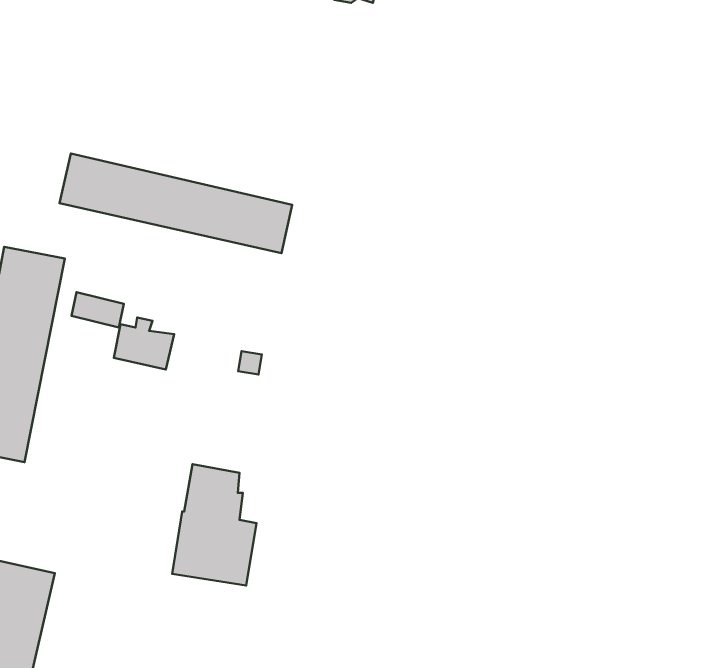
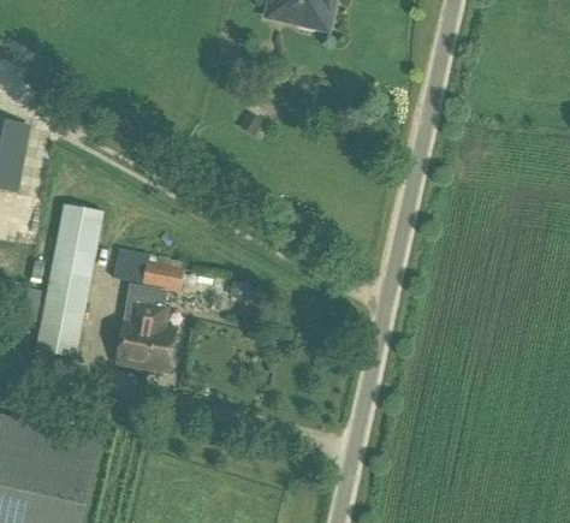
building: [59,154,292,253] -> none
building: [172,464,256,585] -> [115,287,176,374]

